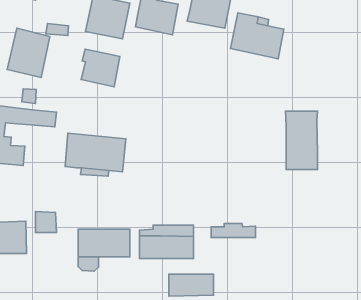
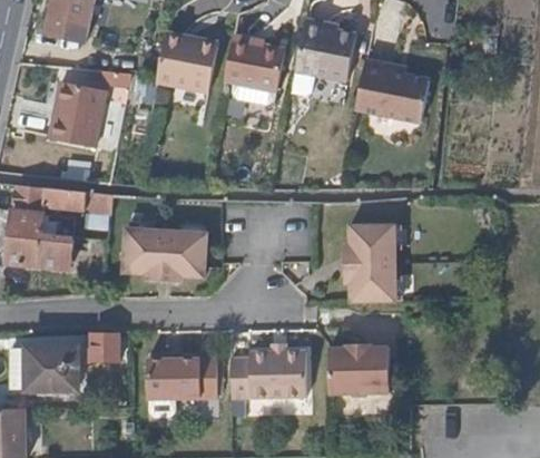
building: [81,49,120,87] -> none
building: [285,111,318,169] -> [350,224,394,304]
building: [169,274,213,296] -> [328,368,390,398]

